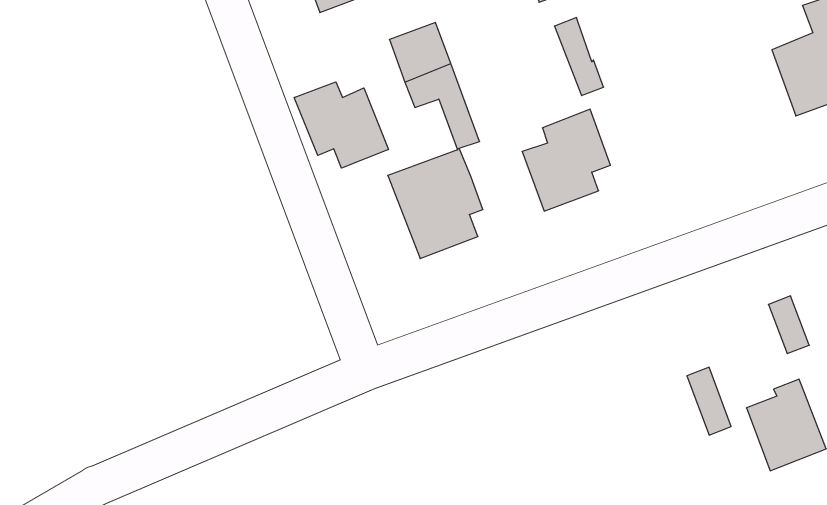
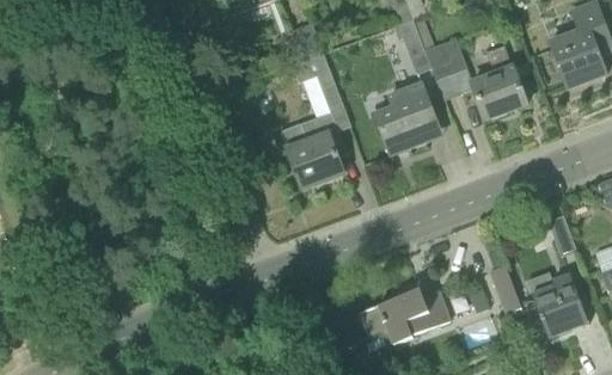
building: none -> [414,18,466,98]
building: none -> [471,44,526,118]
building: [294,82,388,168] -> none
building: none -> [359,288,449,343]

